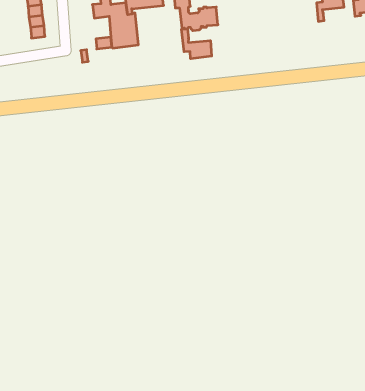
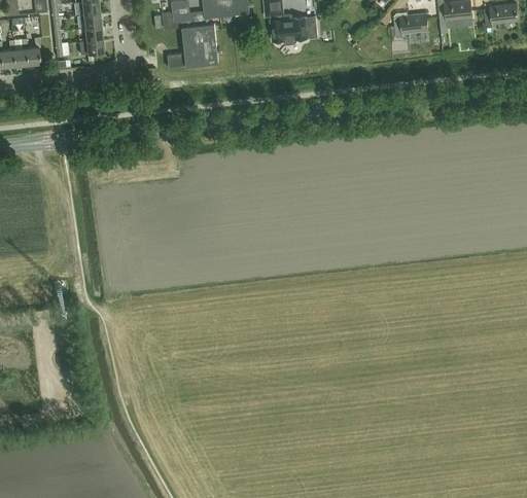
building: none -> [394,12,427,37]
building: [182,29,212,59] -> none

